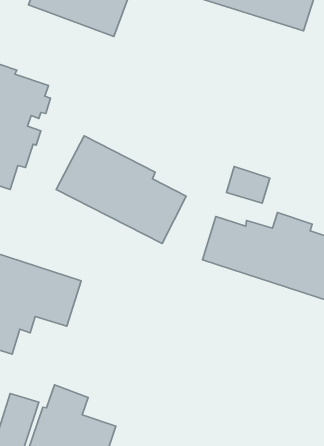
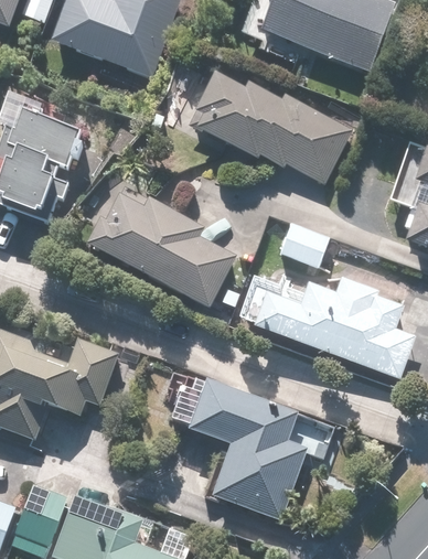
building: none -> [191,71,351,184]
building: none -> [167,373,335,519]

